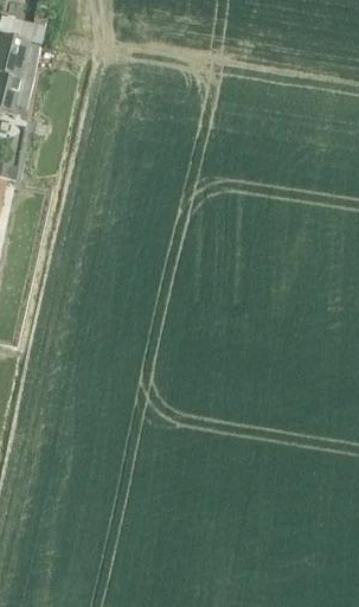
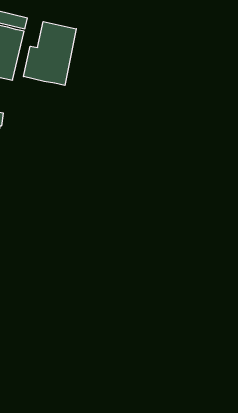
building: none -> [24,22,76,85]

